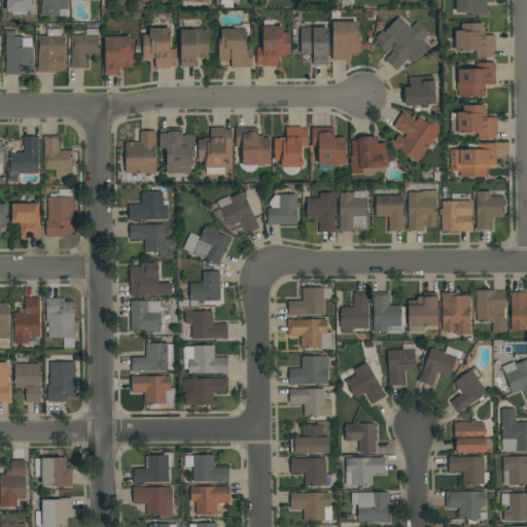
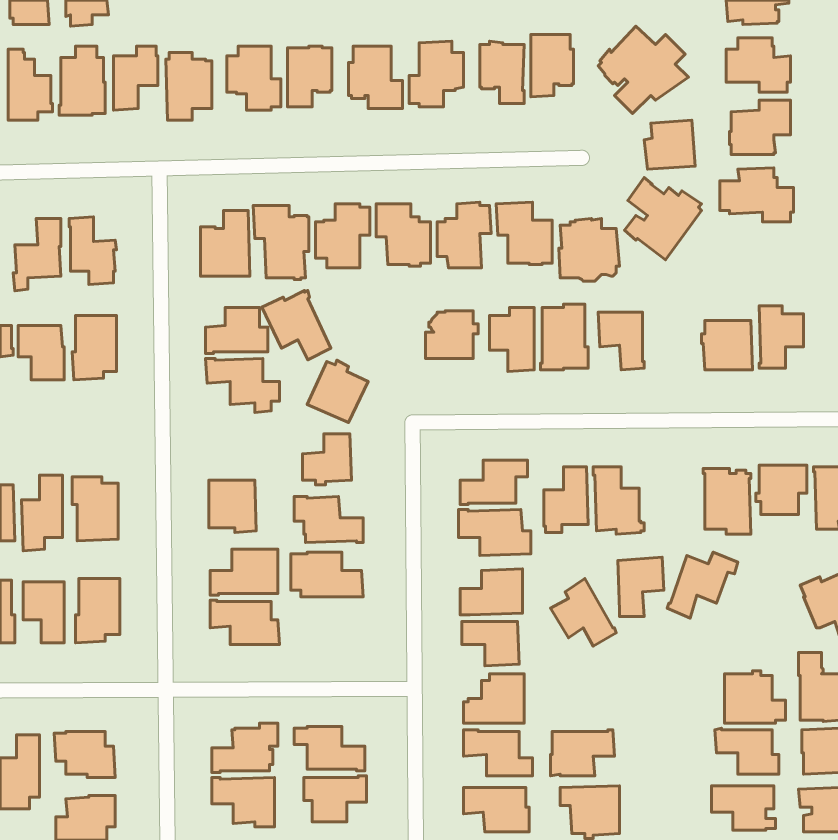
building: [451,143,497,177] -> none
building: [408,190,438,232] -> none
building: [217,191,260,235] -> [262,291,331,360]
building: [130,262,173,296] -> none
building: [409,293,437,326] -> none
building: [451,366,488,414] -> none
building: [183,378,229,406] -> none
building: [346,421,377,453] -> none

